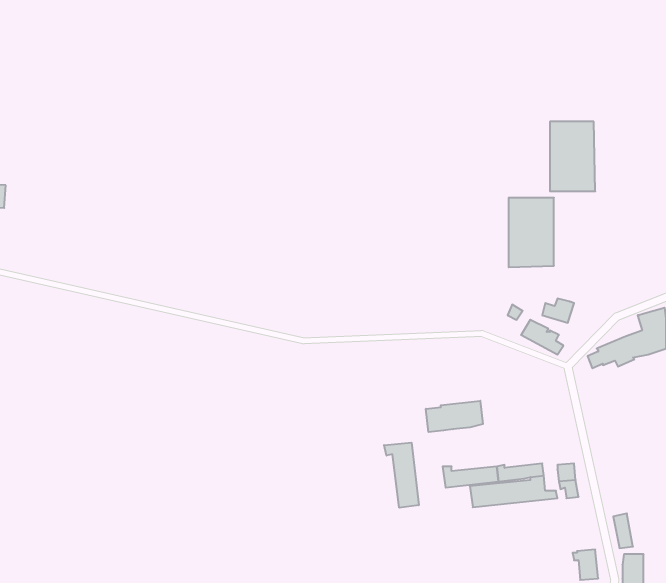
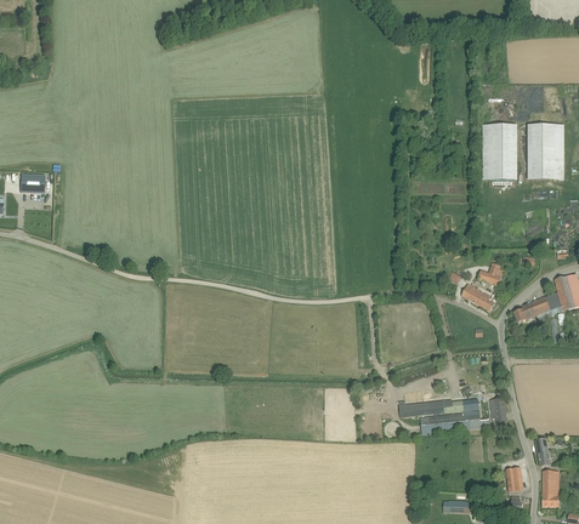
building: [509,198,554,267] -> [529,124,566,180]
building: [426,401,483,432] -> none
building: [384,443,419,508] -> none

